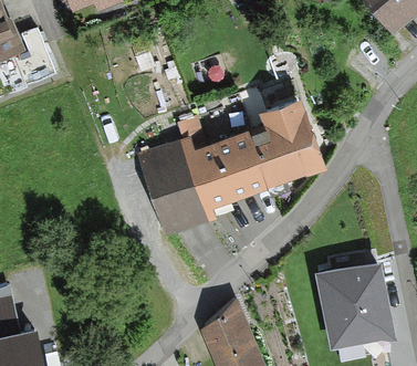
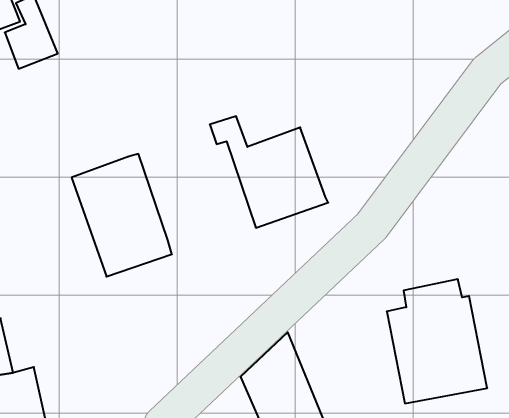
building: [247,101,325,188] -> none
building: [135,144,215,241] -> [72,154,172,277]

